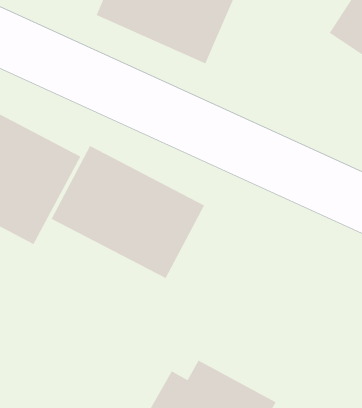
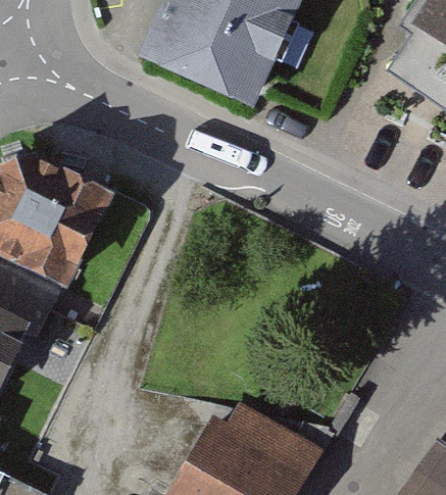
building: [51,145,205,279] -> none

